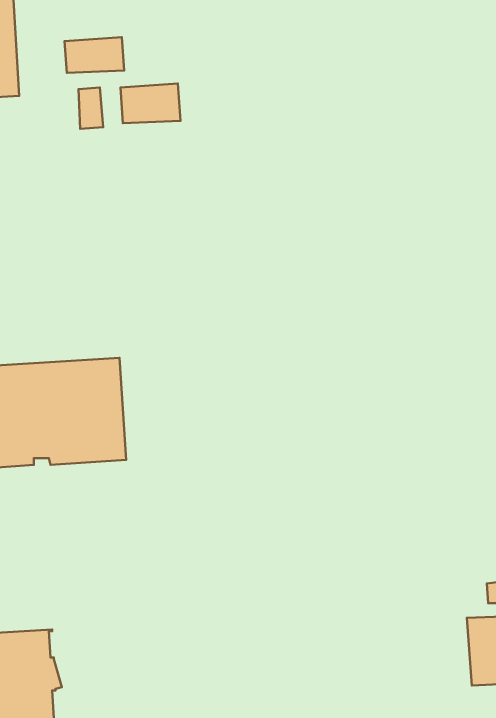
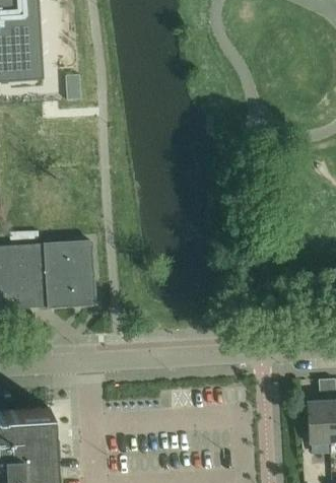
building: [65,37,124,73] -> none
building: [120,84,180,123] -> none

